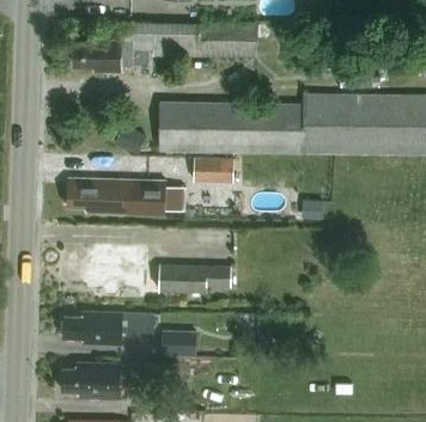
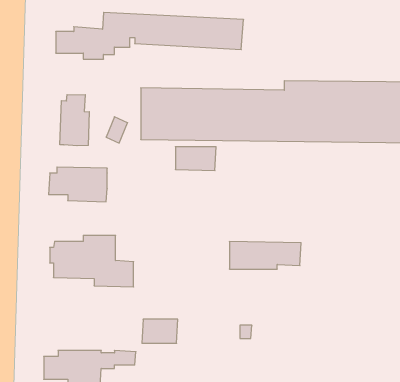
building: none -> [60,95,89,146]
building: [123,181,164,215] -> none
building: [158,264,230,292] -> [229,242,301,269]
building: [62,311,151,342] -> none

